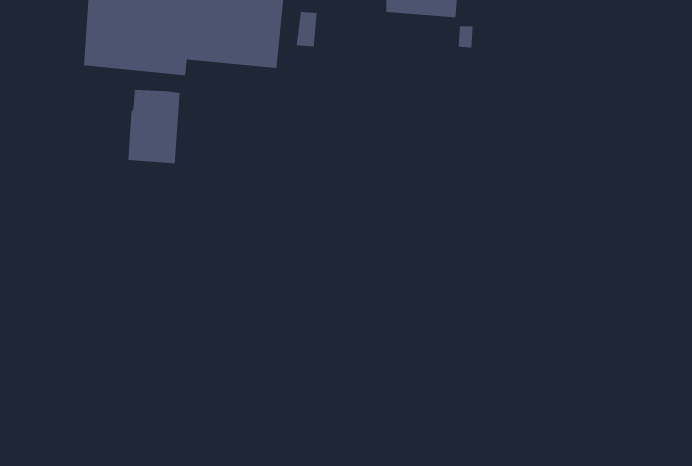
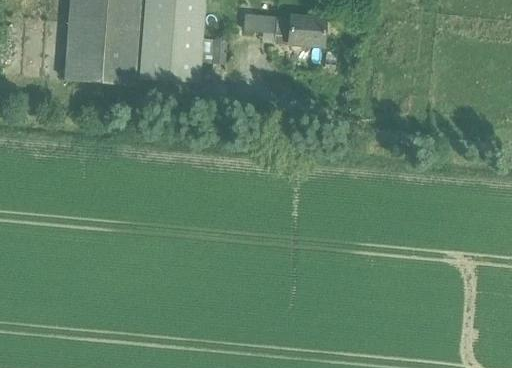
building: [127,89,180,164] -> none

